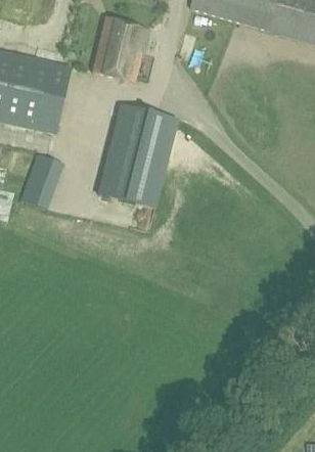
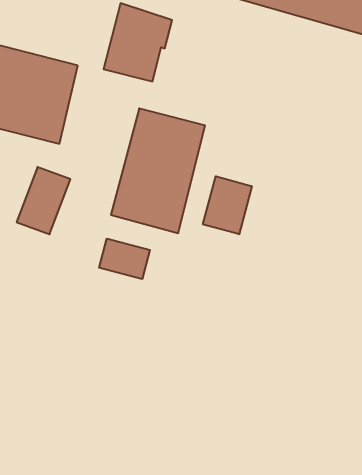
building: none -> [203,176,252,234]
building: none -> [99,239,150,279]

